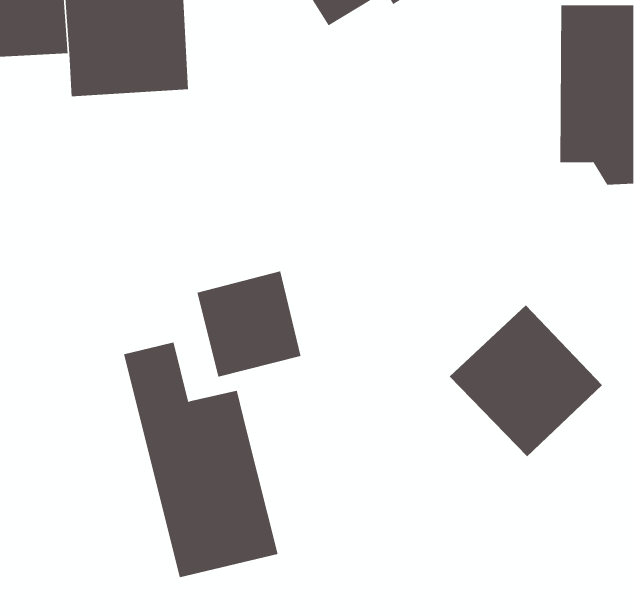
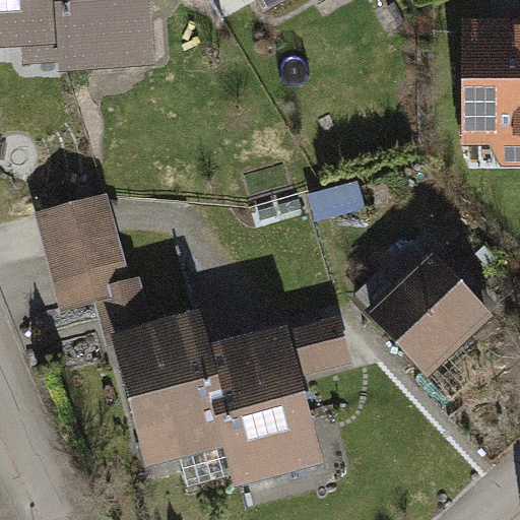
building: none -> [34,197,130,317]
building: [197,270,301,378] -> none
building: none -> [202,318,352,498]

